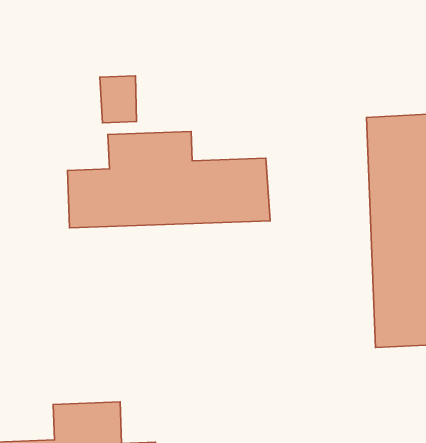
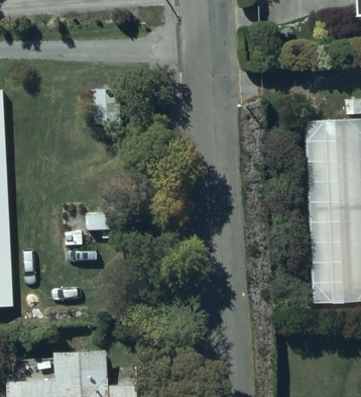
building: [67,131,270,228] -> none

